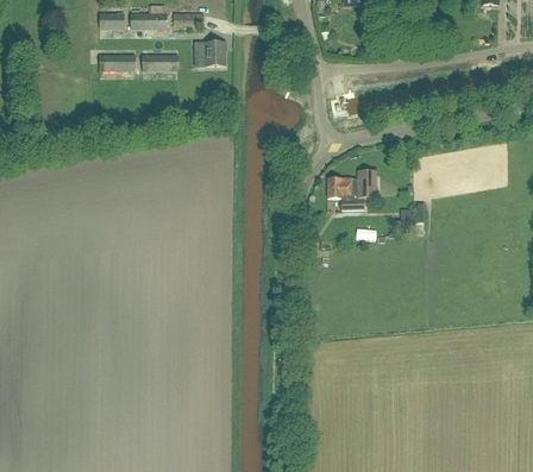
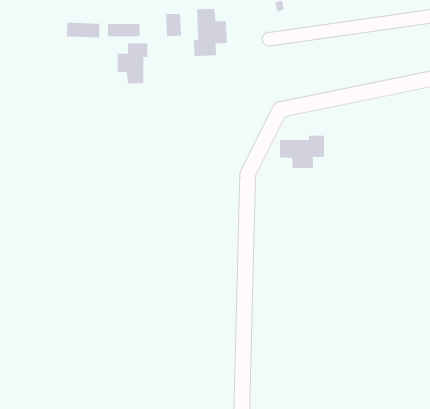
building: none -> [193,8,227,57]
building: none -> [117,43,148,84]

